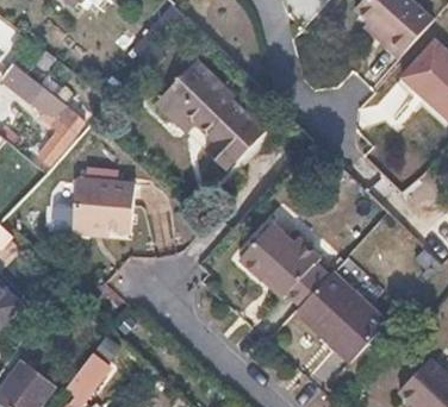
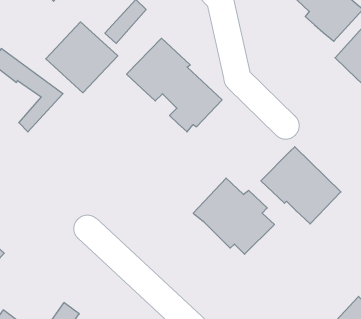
building: none -> [46,22,118,93]
building: [74,170,136,227] -> none
building: [295,265,388,355] -> [261,147,341,224]

